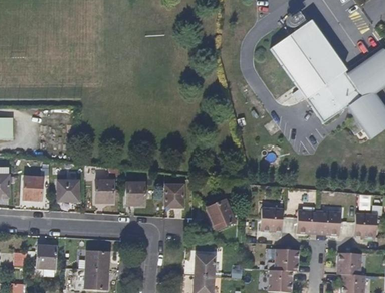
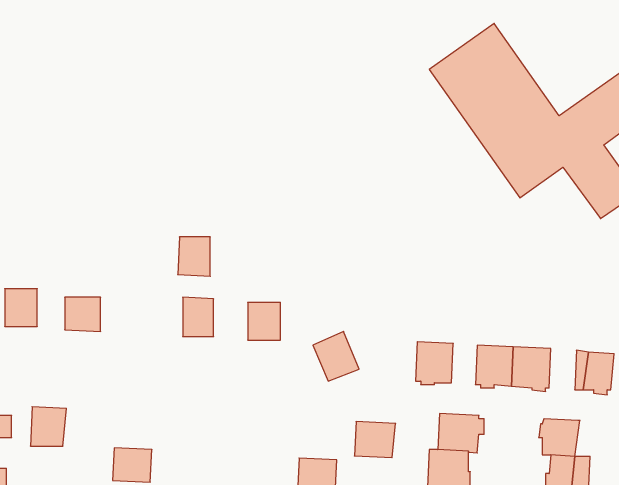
building: [94,180,113,203] -> [178,237,210,276]
building: [86,251,109,270] -> none
building: [195,255,219,276] -> [354,422,396,458]

